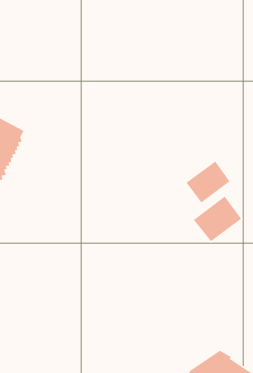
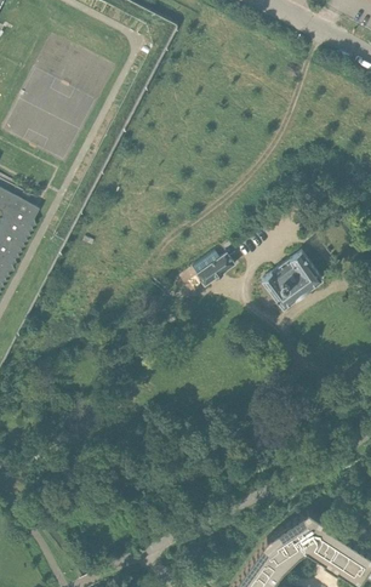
building: none -> [189,252,233,289]
building: [193,195,242,242] -> none

